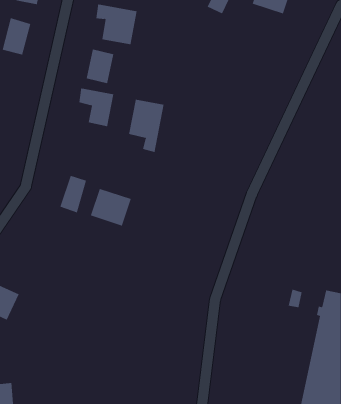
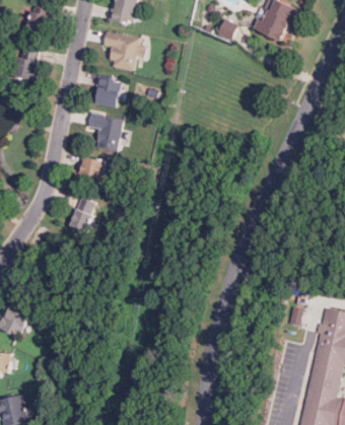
building: [129,99,164,153] -> none
building: none -> [76,156,105,186]
building: [90,188,131,226] -> none

